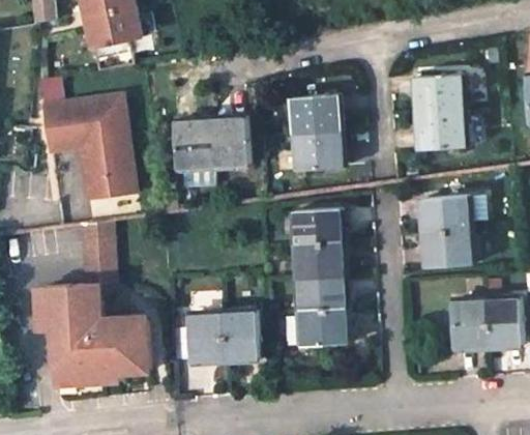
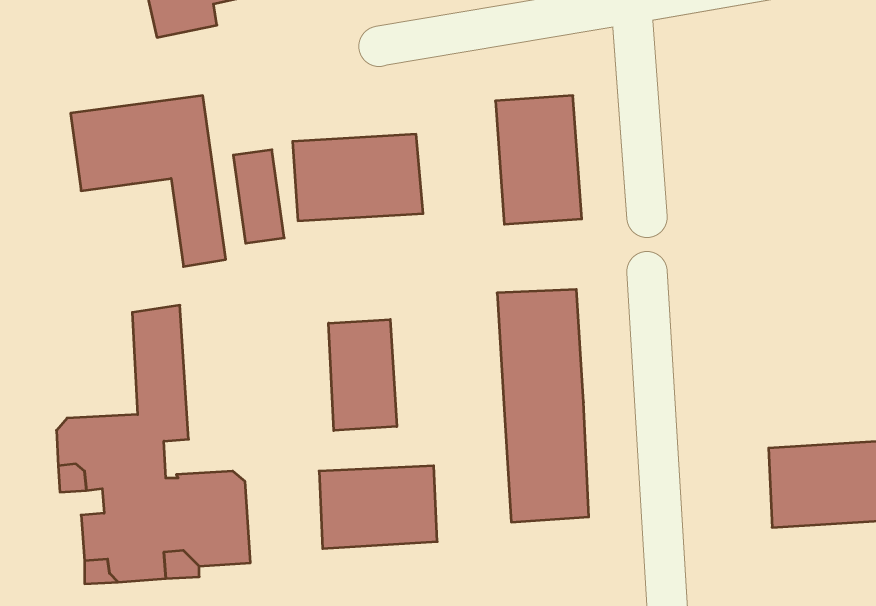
building: [415,76,465,150] -> none
building: [79,144,109,199] -> [233,150,284,243]
building: [421,197,473,267] -> none
building: none -> [329,319,397,431]

